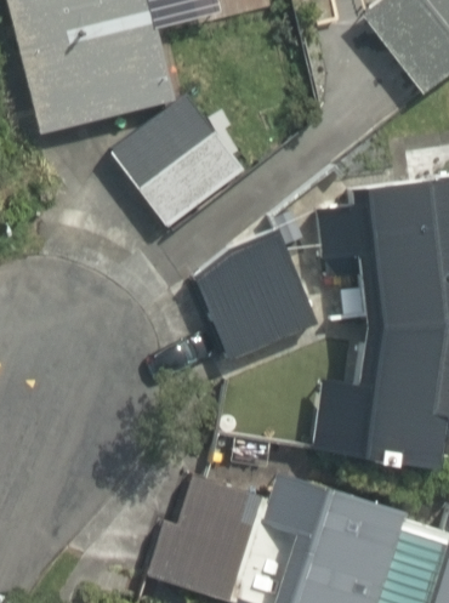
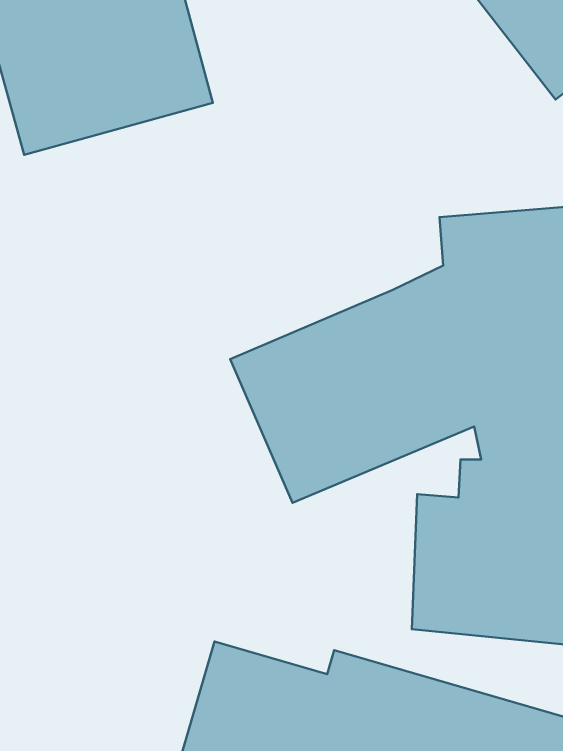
building: [115,96,254,231] -> none

